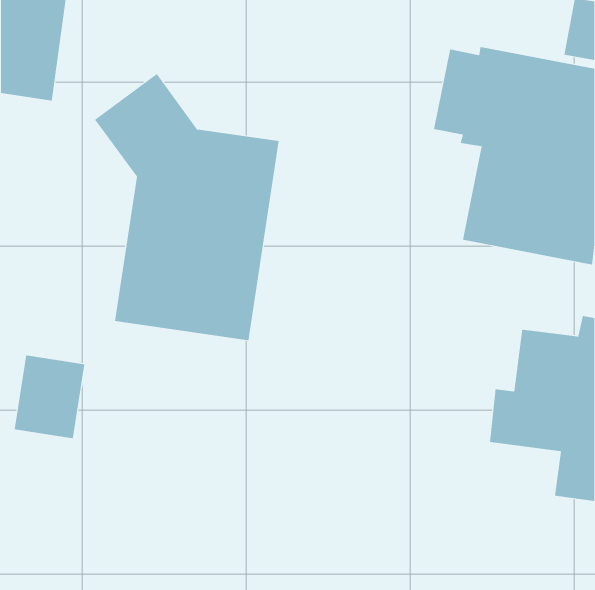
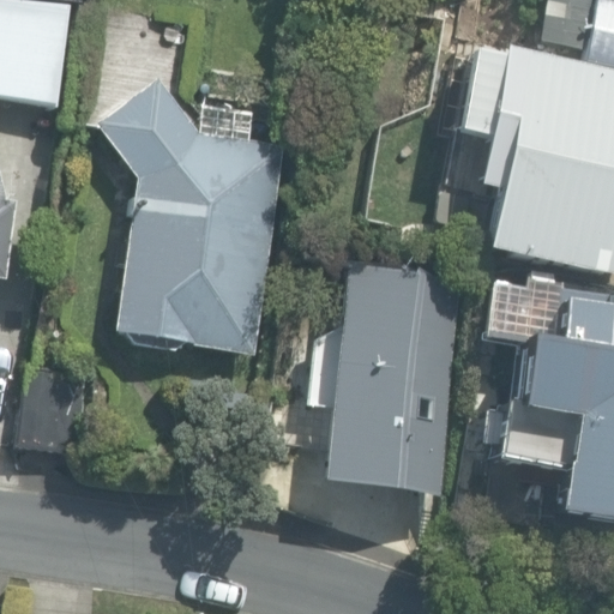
building: none -> [329,265,458,489]

